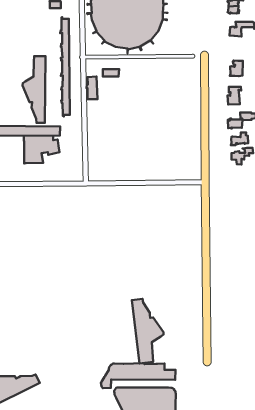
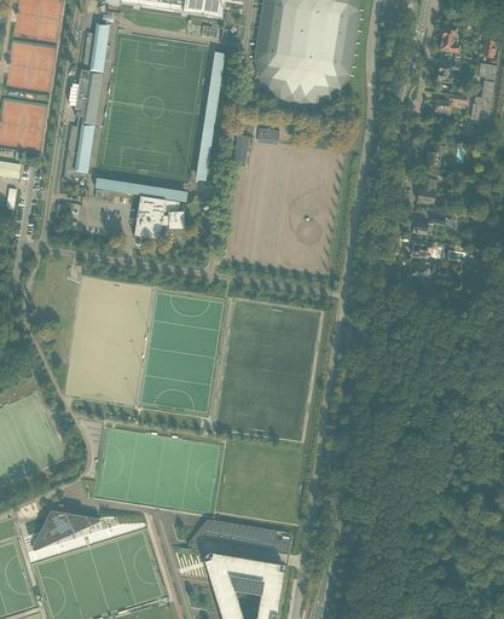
building: [23,56,45,123] -> none
building: [132,299,163,363] -> none

